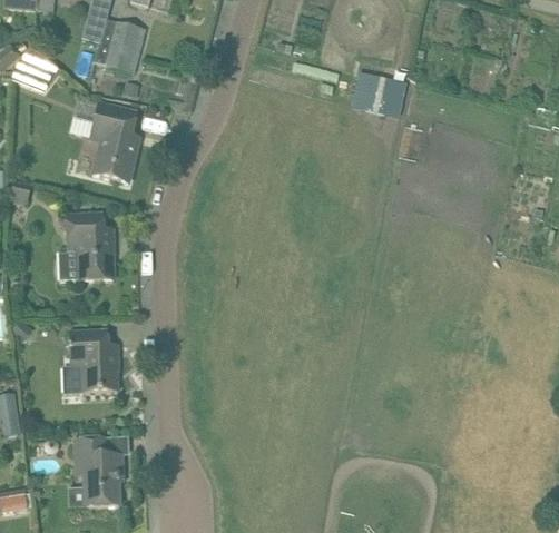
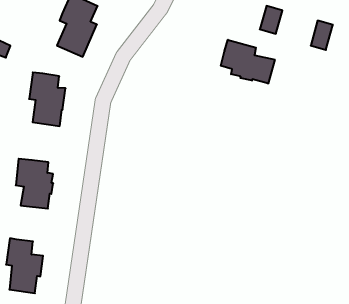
building: [384,77,409,113] -> [311,21,333,50]
building: none -> [221,40,275,84]

